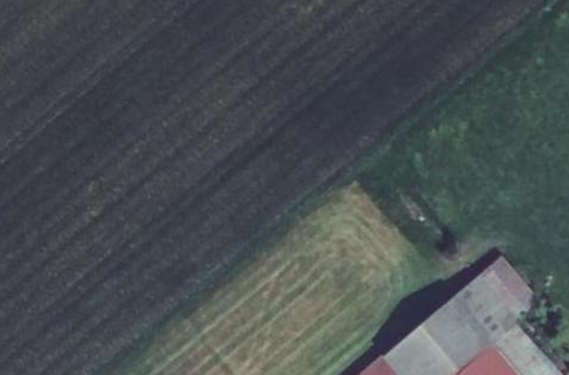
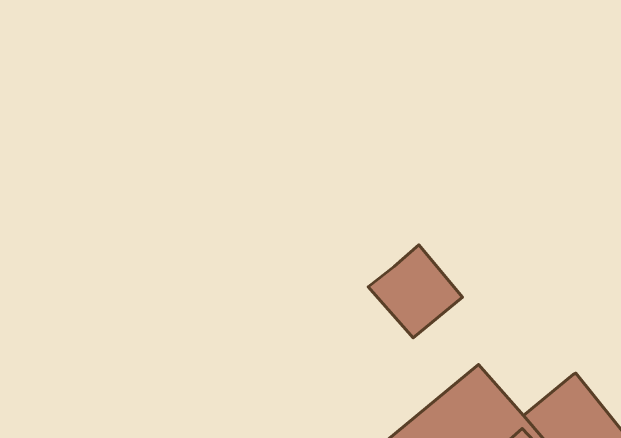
building: [448,265,526,342] -> [368,245,463,338]

